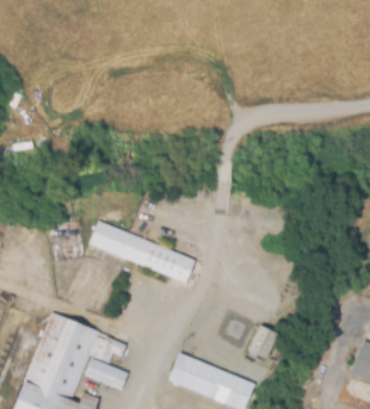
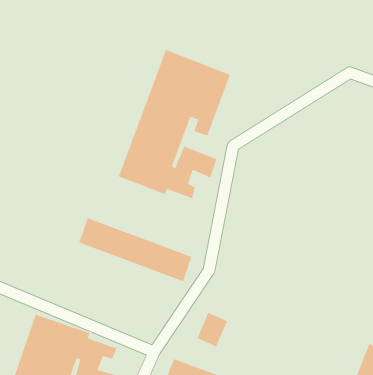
building: none -> [118,49,231,199]
building: [248,326,278,359] -> [196,312,228,347]

